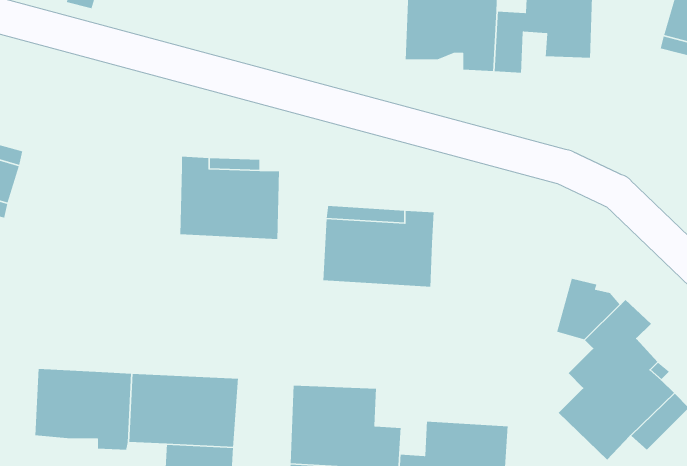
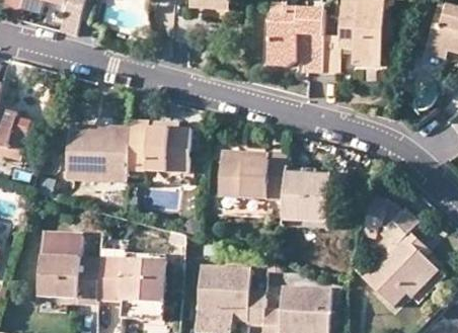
building: none -> [66,127,130,183]
building: none -> [282,175,331,226]
building: none -> [42,229,82,254]

